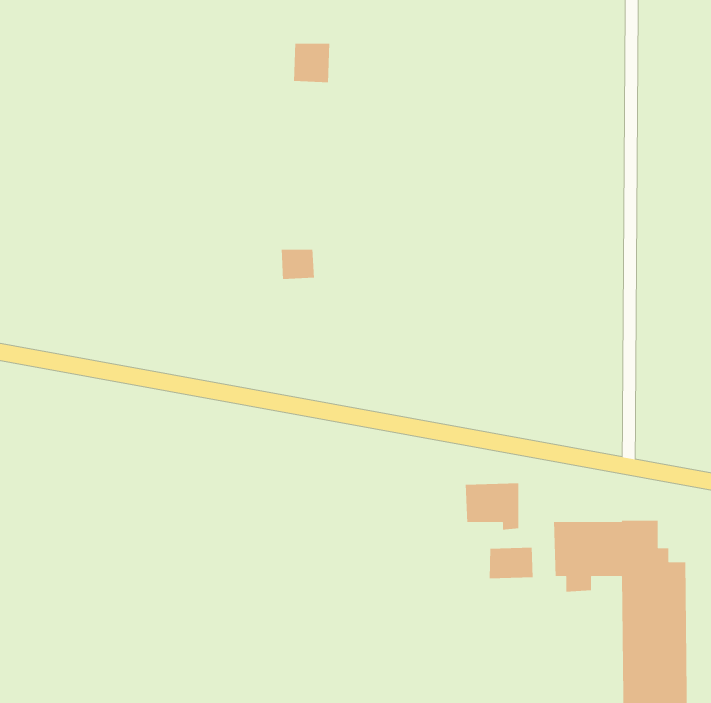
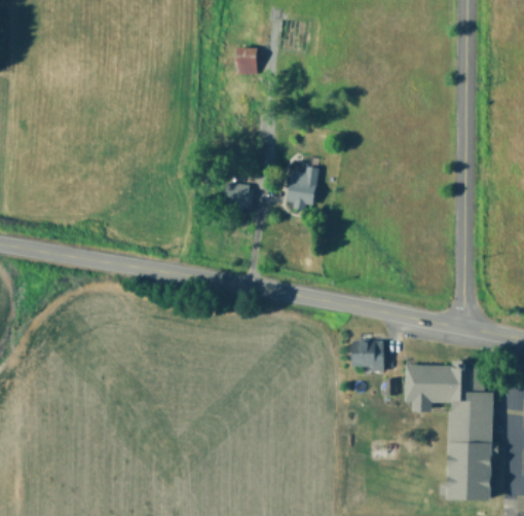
building: none -> [288,167,316,211]
building: [489,547,534,579] -> none

